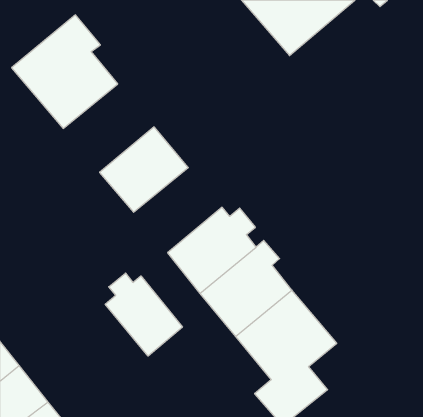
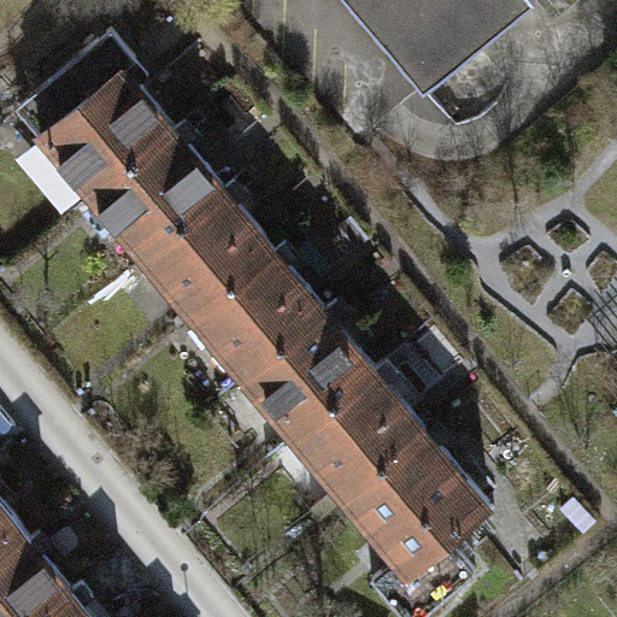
building: none -> [92,131,224,260]
building: none -> [194,253,323,377]
building: [105,273,182,356] -> none

